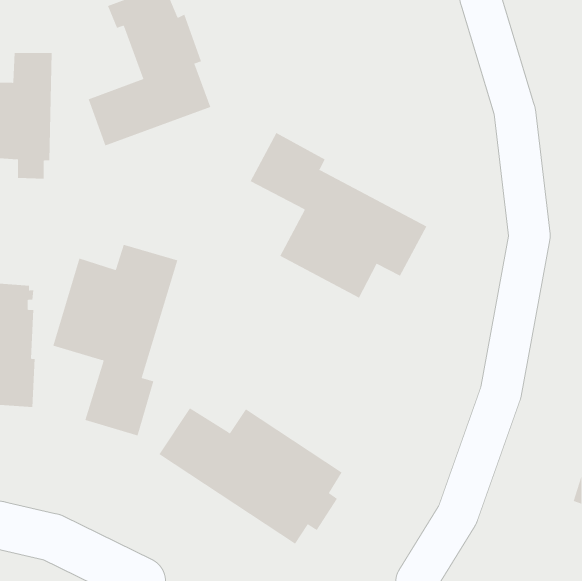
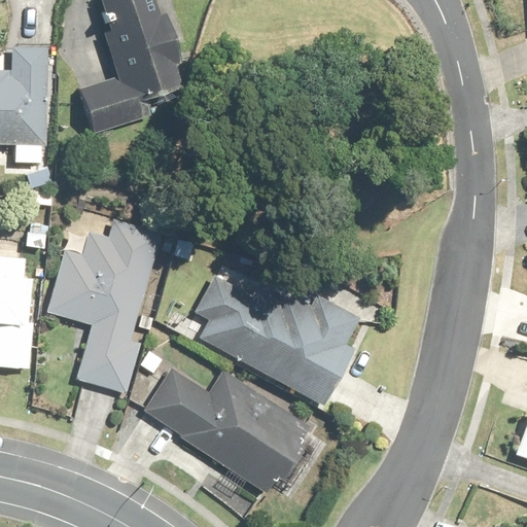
building: [250,132,427,299] -> none
building: none -> [185,270,358,405]

